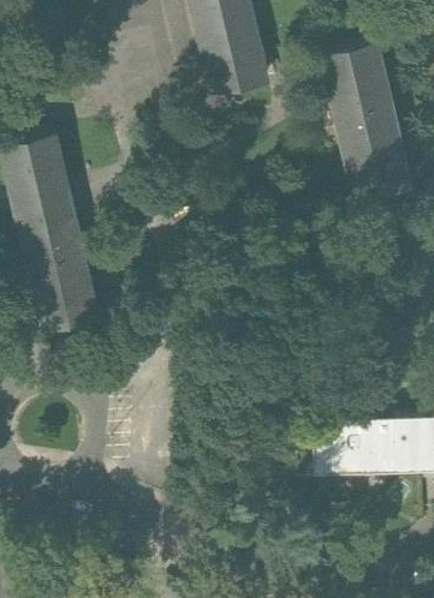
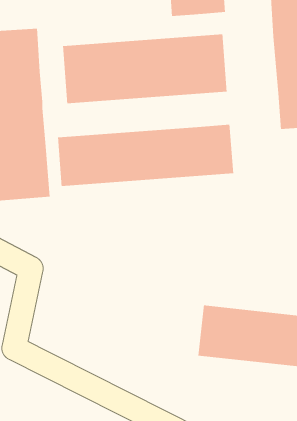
building: none -> [62,34,227,104]
building: none -> [57,124,234,187]

